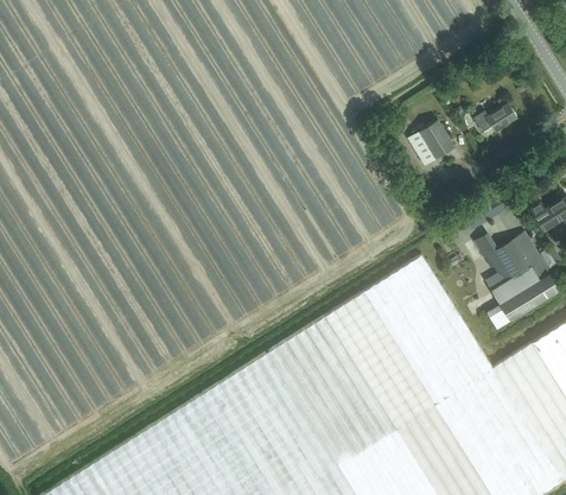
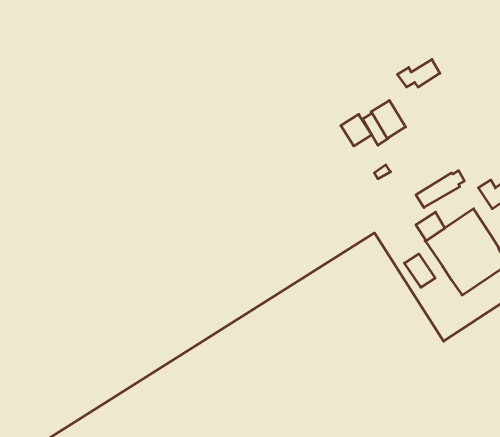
building: [473,103,517,132] -> [397,59,440,87]
building: none -> [341,114,372,146]
building: none -> [404,254,435,287]

